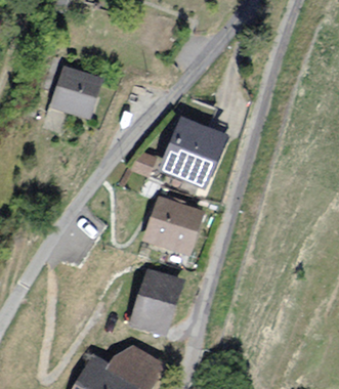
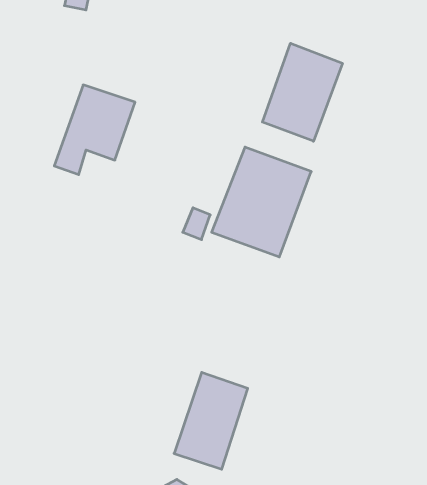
building: none -> [262,43,342,141]
building: [143,197,203,256] -> none

